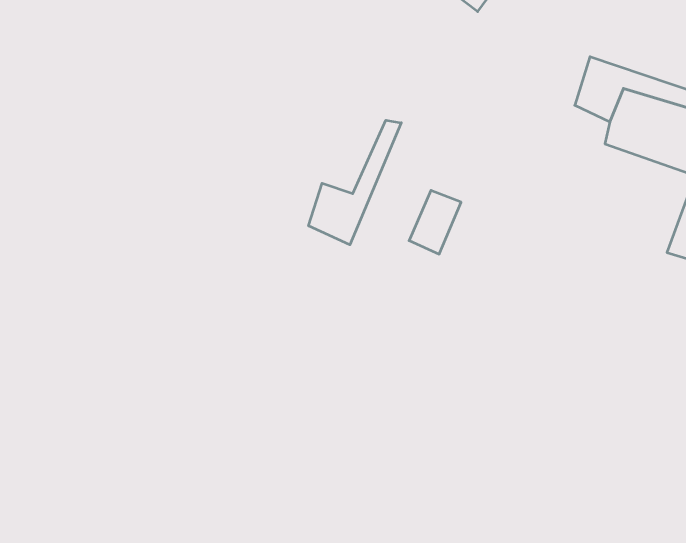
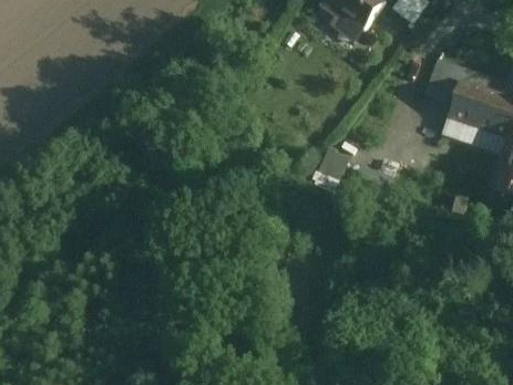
building: [309,120,401,245] -> none

